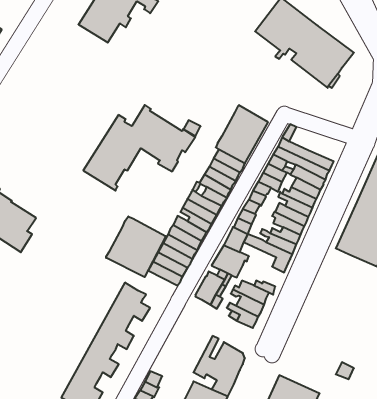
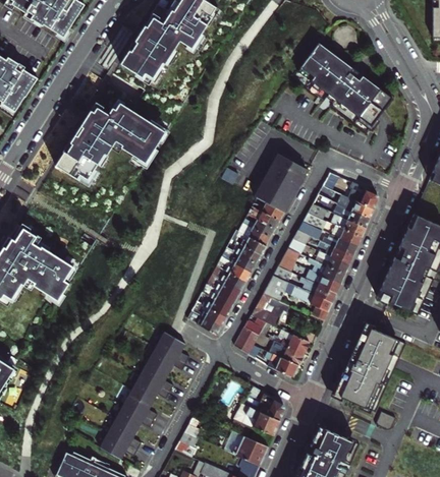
building: [83,105,195,191] -> [56,100,169,186]
building: none -> [348,182,379,210]
building: [106,216,166,277] -> none
building: none -> [333,324,405,413]

